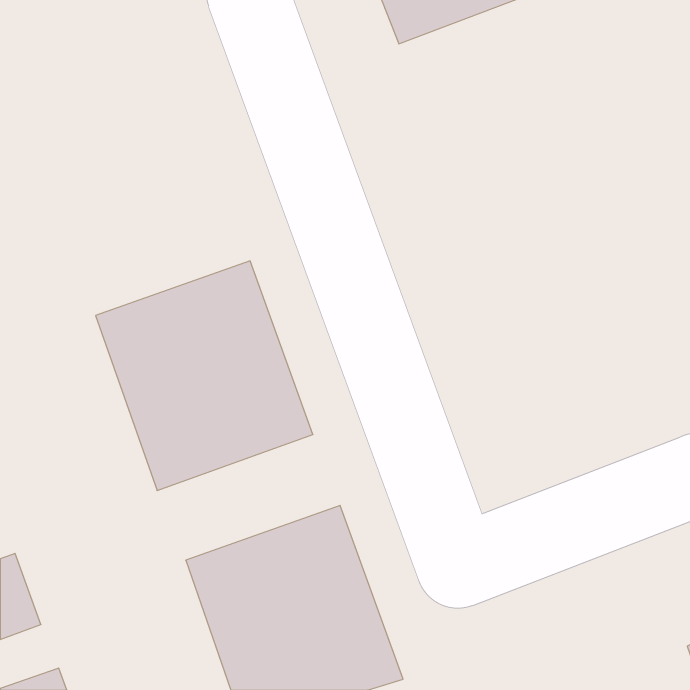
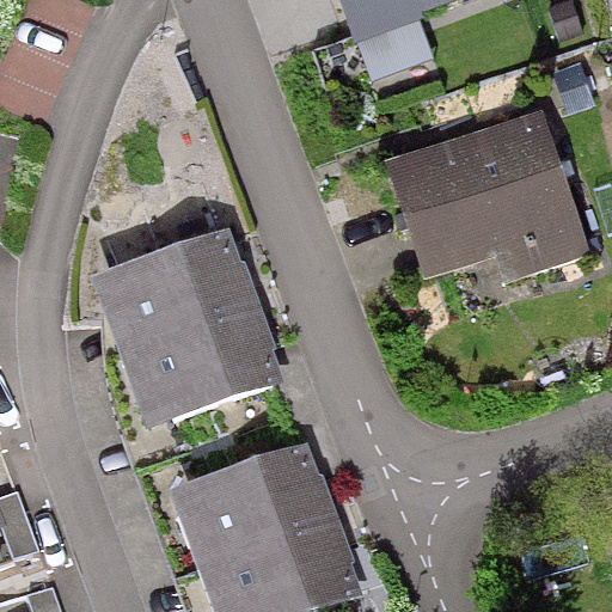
building: none -> [384,108,593,279]

